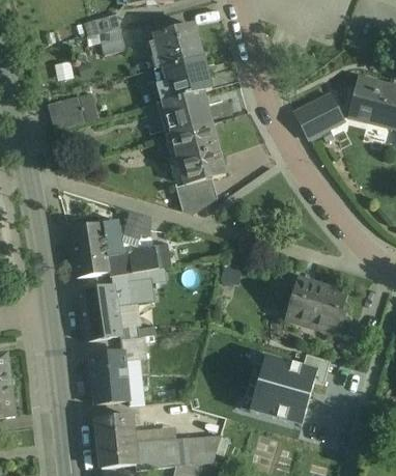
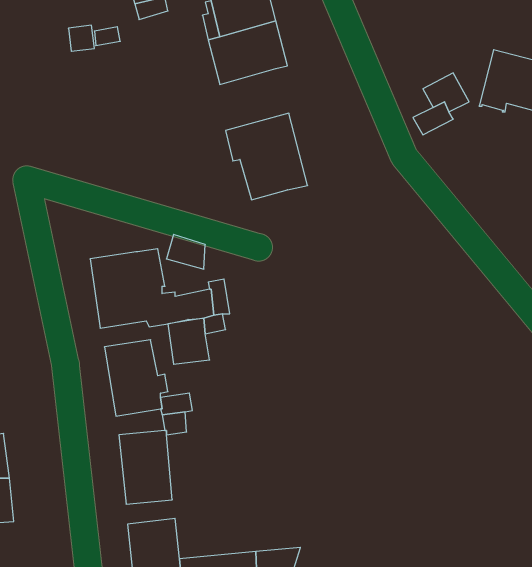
building: [157,89,213,134] -> none
building: [48,94,85,129] -> none
building: [176,176,218,213] -> none
building: [288,277,347,331] -> none
building: [246,344,319,427] -> none

